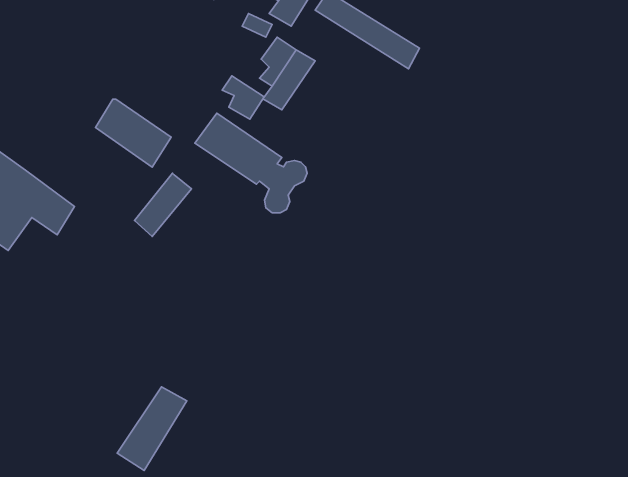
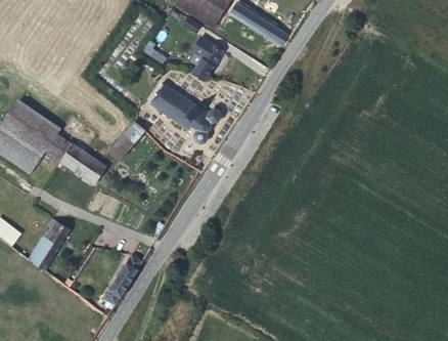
building: [222,76,264,119] -> none
building: [95,99,171,167] -> [59,142,108,186]
building: none -> [28,218,75,270]

